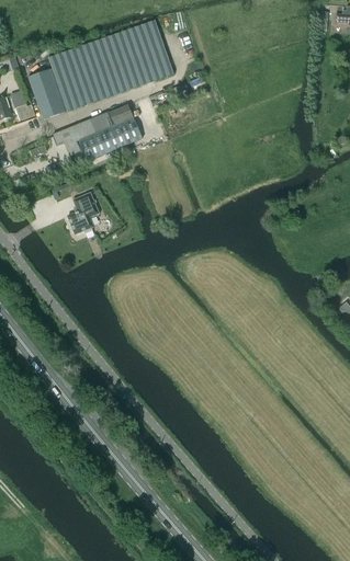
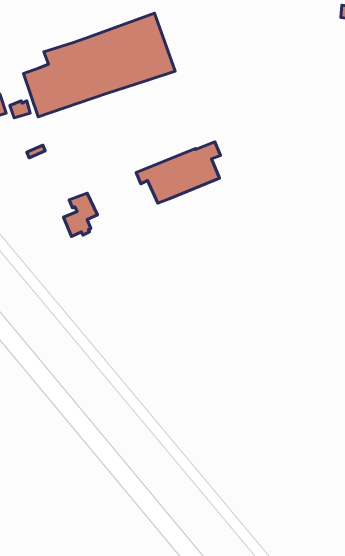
building: [53,104,134,163] -> [136,142,221,203]

